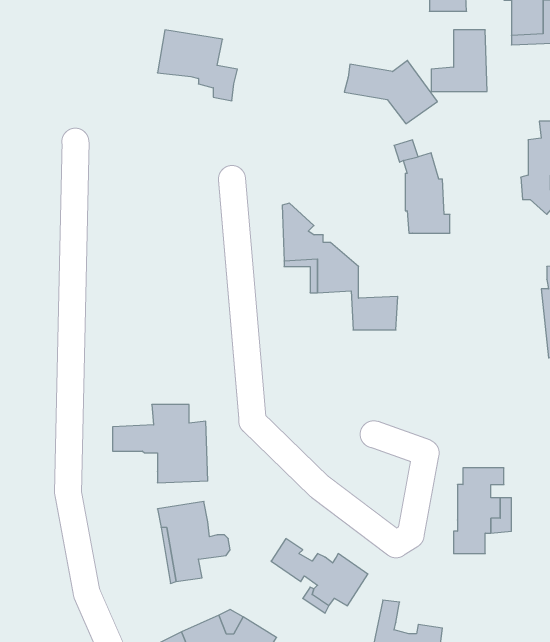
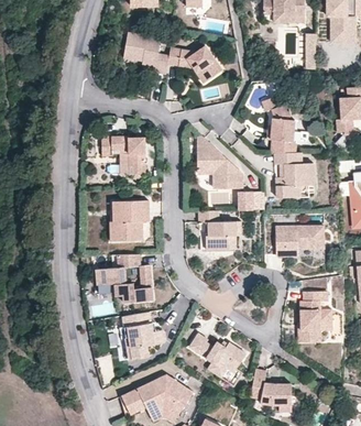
building: [344,60,437,124] -> [167,46,222,84]
building: none -> [101,134,145,172]
building: none -> [273,152,313,198]
building: none -> [112,200,149,241]
building: none -> [197,210,234,249]
building: none -> [275,225,325,256]

